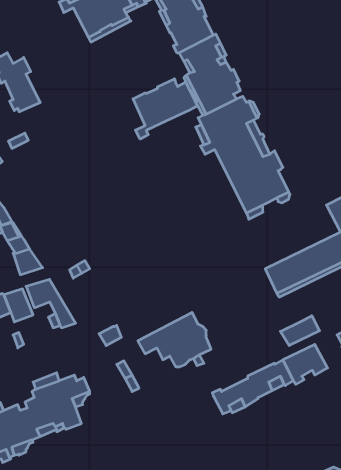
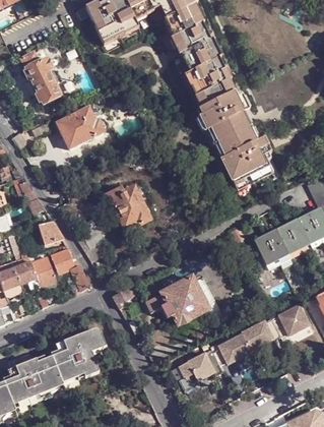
building: [133,79,197,139] -> none
building: none -> [56,106,105,148]
building: none -> [105,186,150,227]
building: [280,316,320,346] -> none
building: none -> [171,349,221,389]

